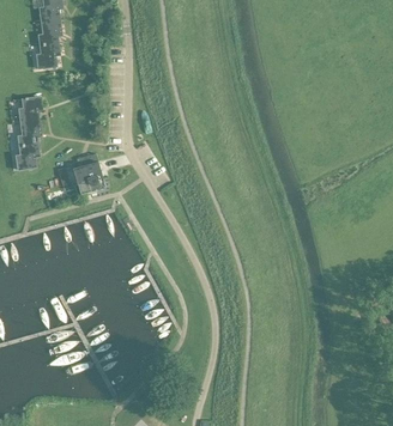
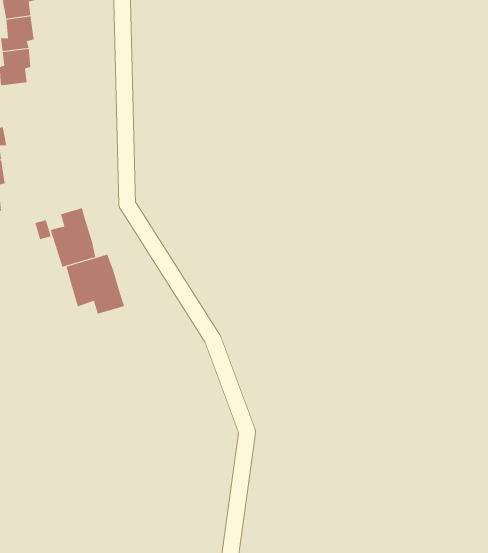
building: none -> [66,254,125,314]

